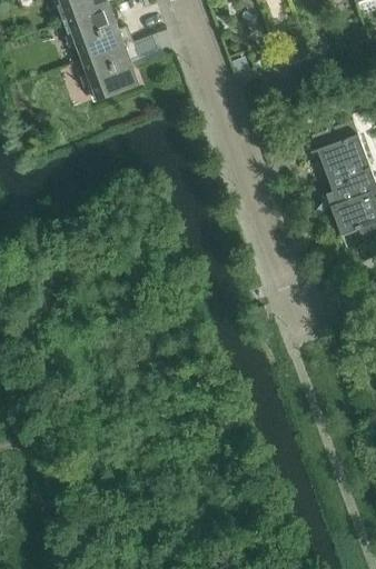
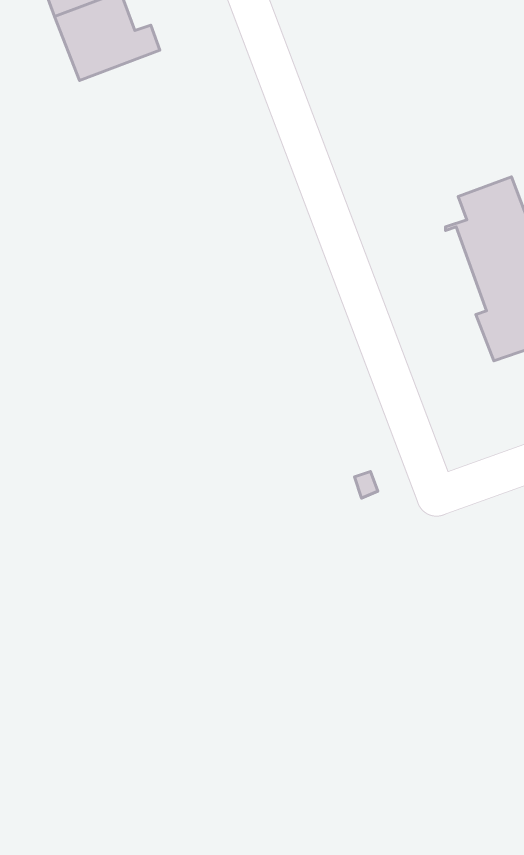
building: [83,42,139,102] -> none

